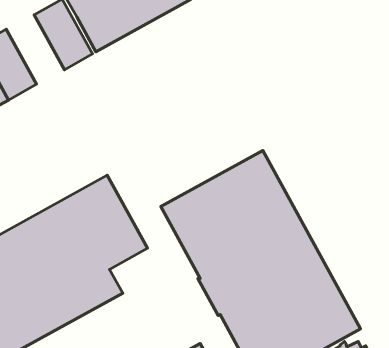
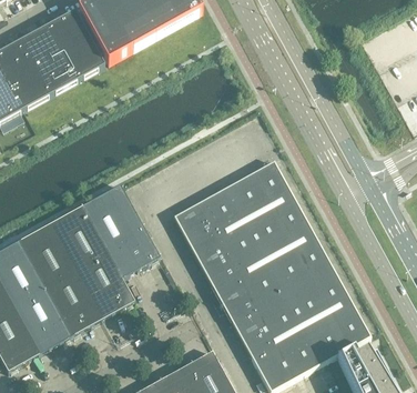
building: none -> [19,24,77,93]

